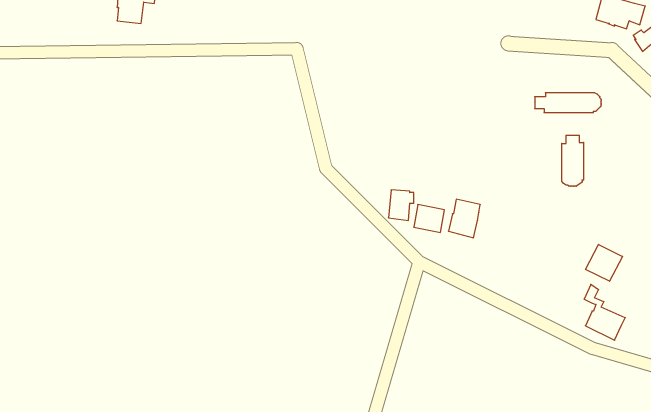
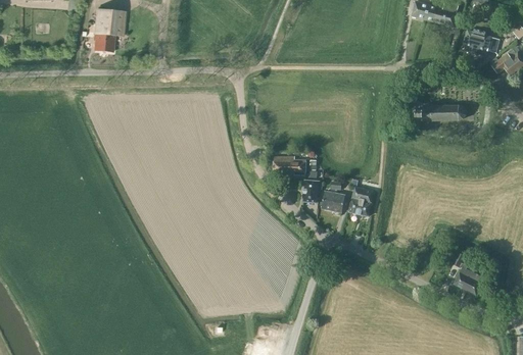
building: [562,135,584,186] -> none
building: none -> [274,156,307,174]
building: [586,244,623,281] -> none

